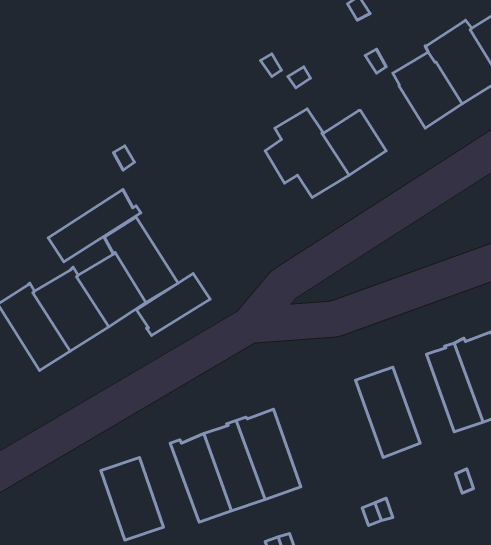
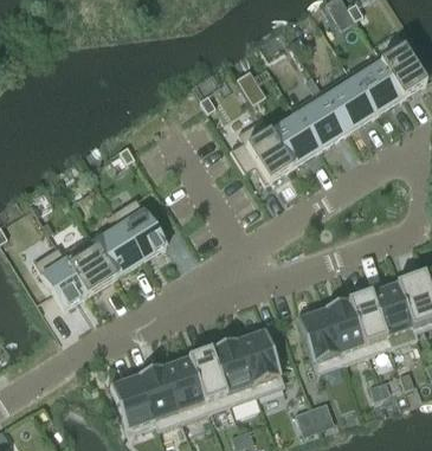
building: none -> [292,88,348,148]
building: [48,189,141,262] -> none
building: [137,274,210,335] -> none
building: none -> [324,297,369,362]
building: none -> [237,328,285,394]
building: none -> [138,362,182,430]

